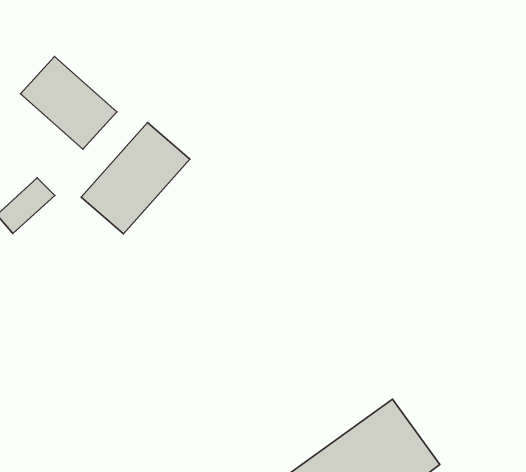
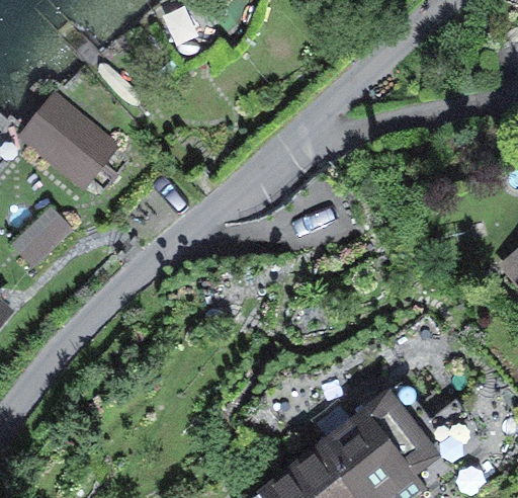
building: [81,122,190,234] -> none

